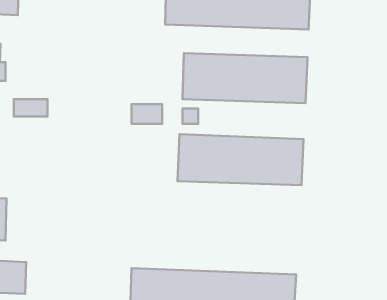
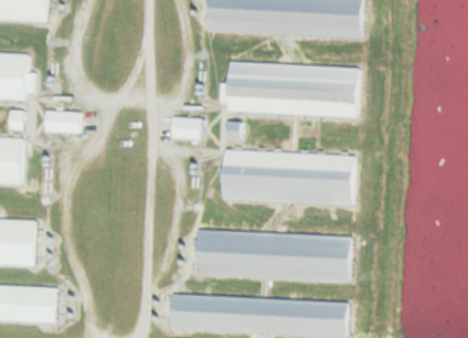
building: none -> [193,231,351,282]

